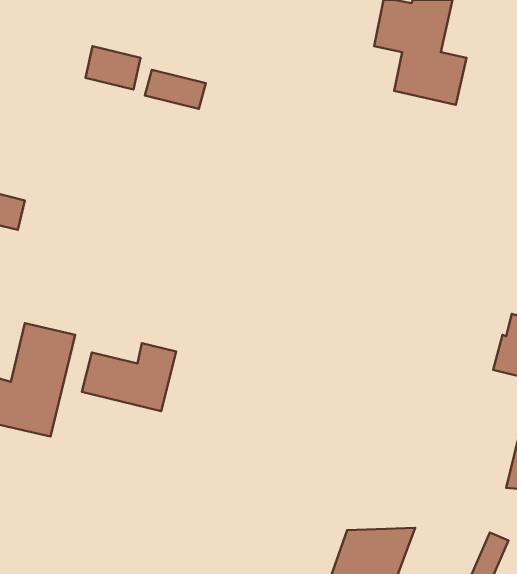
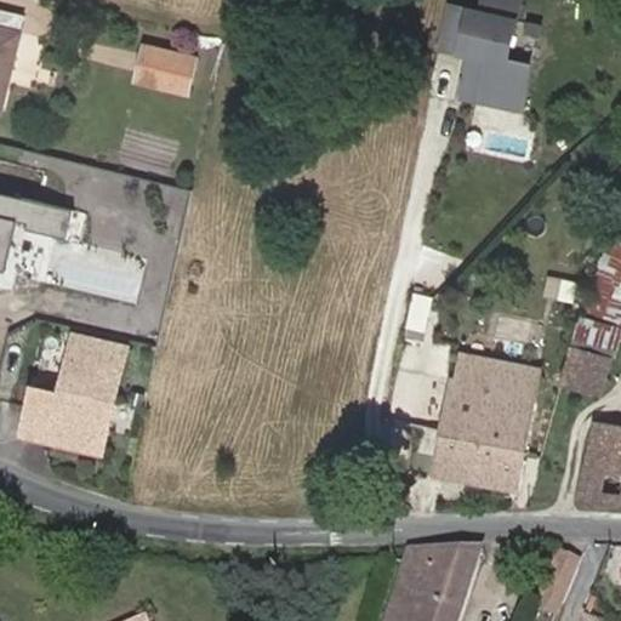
building: [145,70,206,109] -> none
building: [82,343,176,411] -> none
building: none -> [433,357,539,495]

